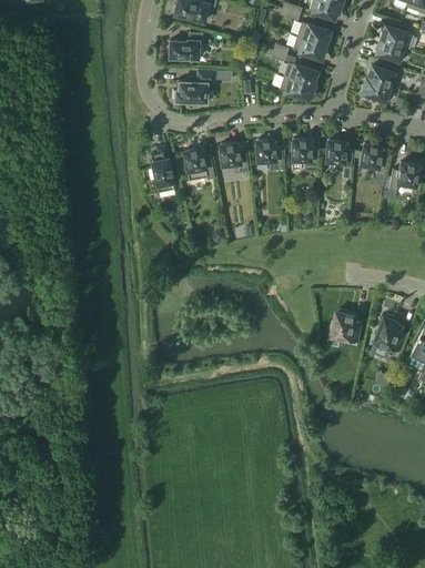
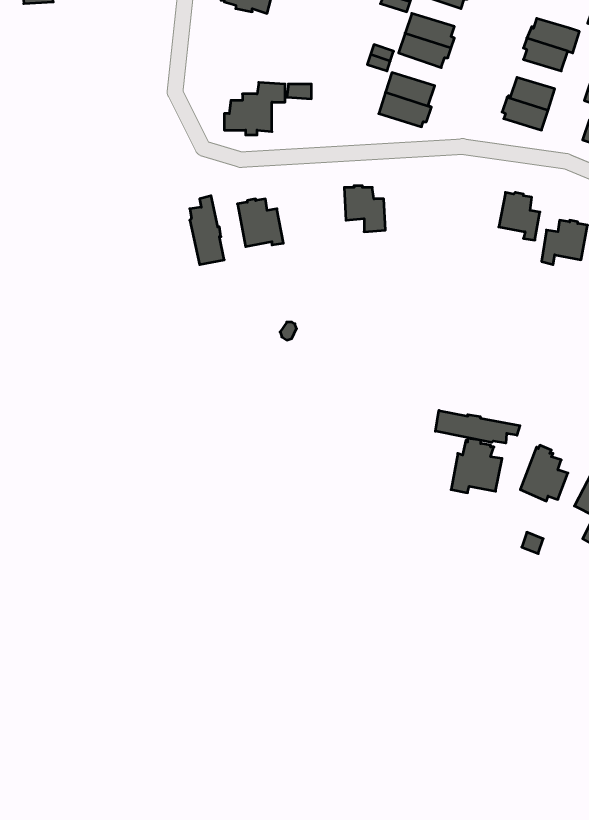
building: [169,32,202,59] -> none
building: [292,136,318,171] -> none
building: [325,139,353,166] -> none
building: [219,141,249,172] -> none
building: none -> [435,410,520,443]

